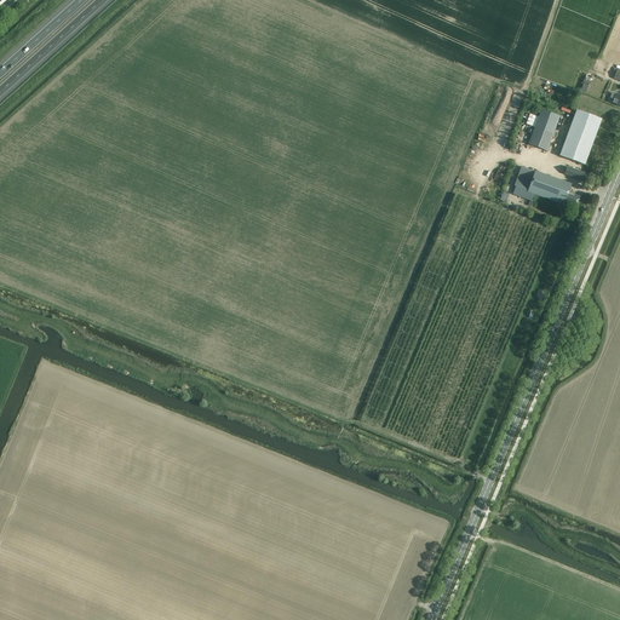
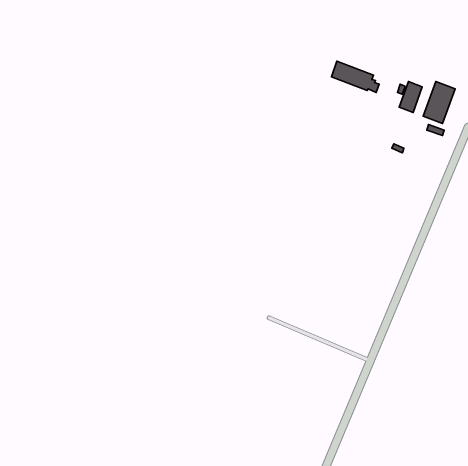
building: [516,165,579,206] -> [331,61,379,92]

